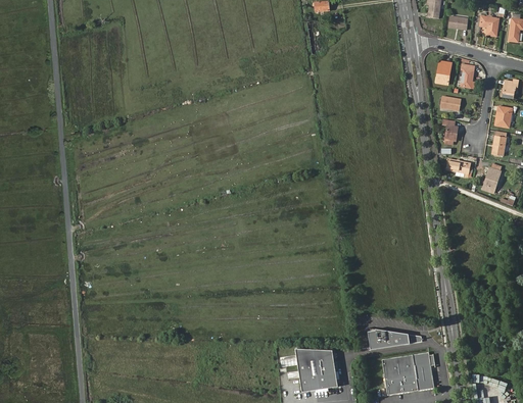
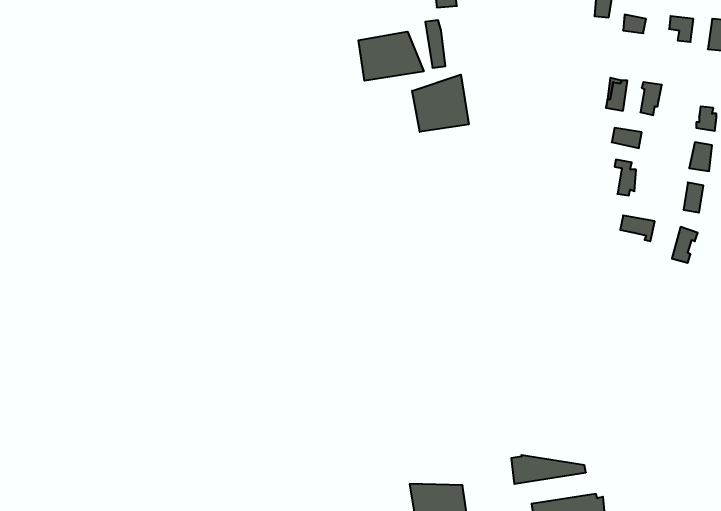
building: none -> [358,32,424,81]
building: none -> [412,75,469,132]

